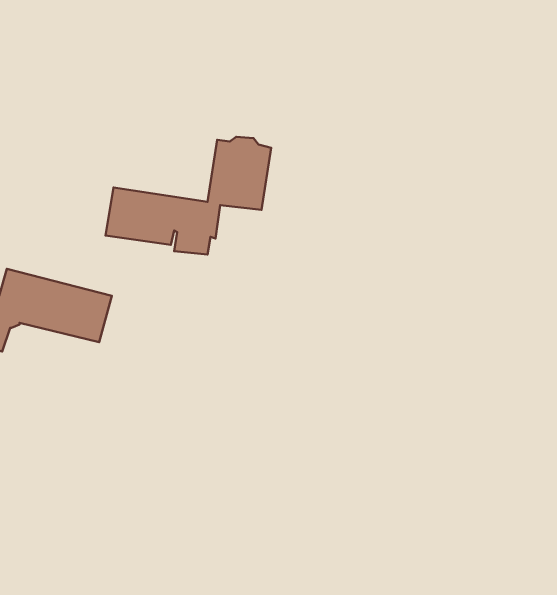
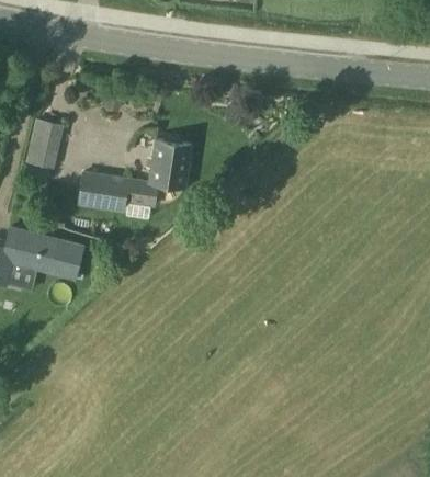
building: none -> [27,118,64,169]

